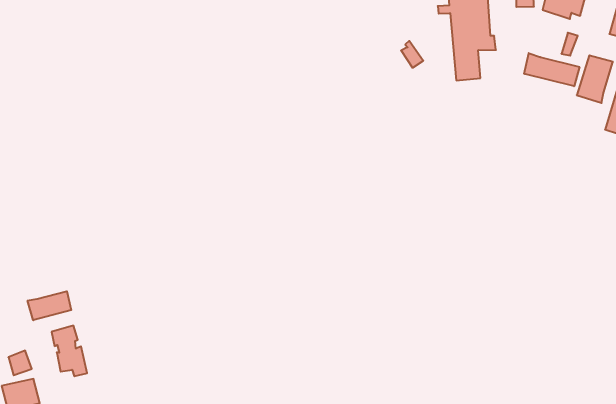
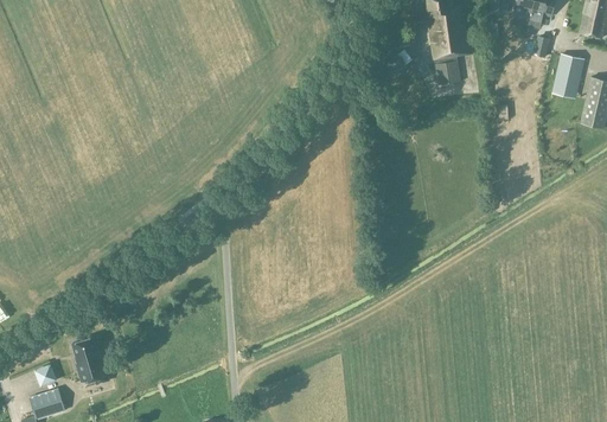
building: [524,53,579,86] -> none
building: [28,291,71,320] -> none

